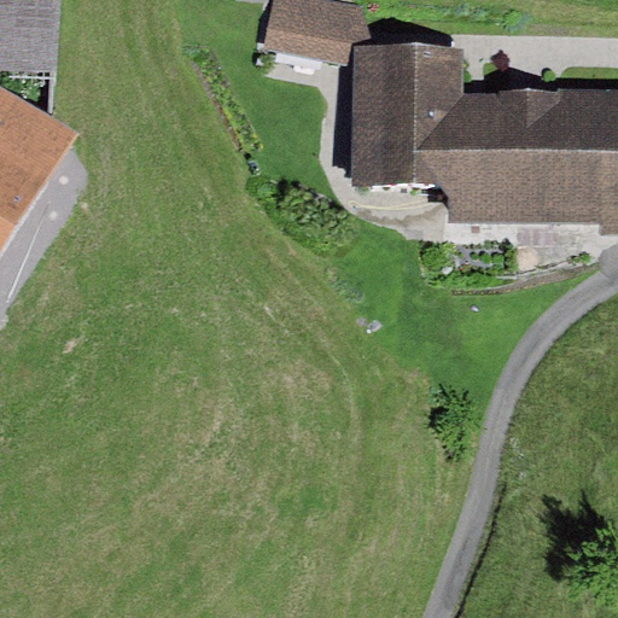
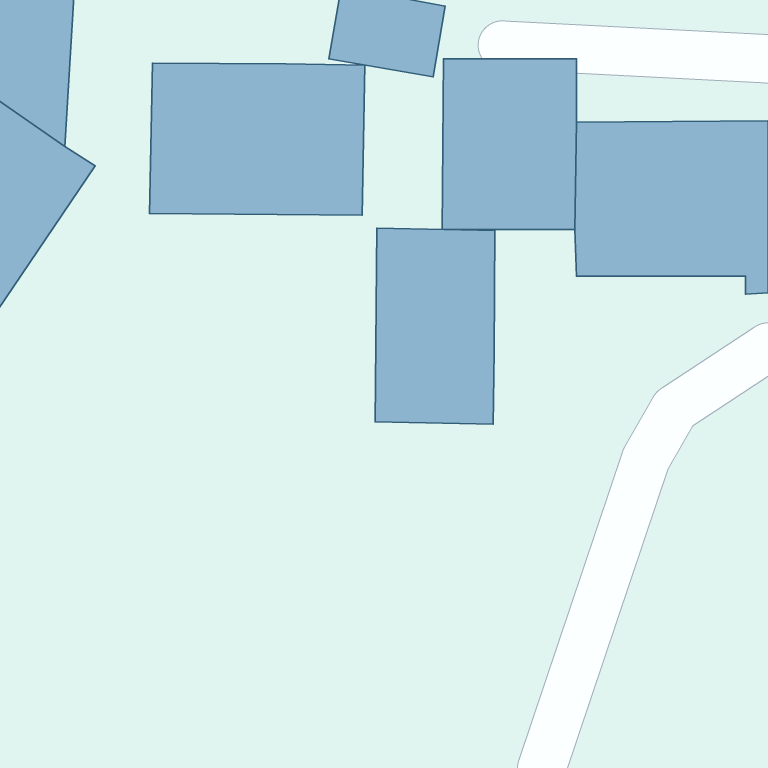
building: none -> [150,63,365,215]
building: none -> [375,228,495,424]

